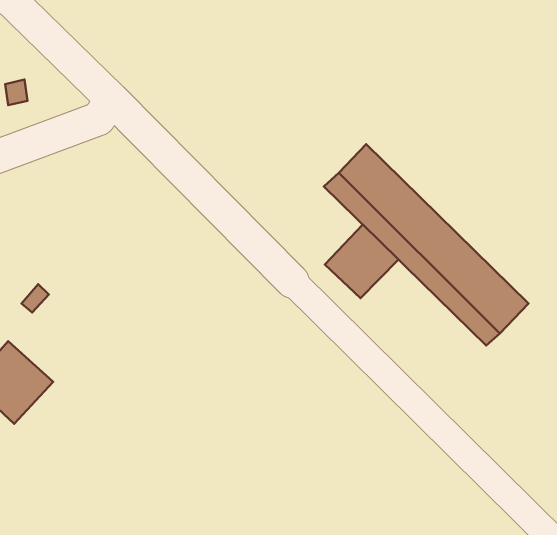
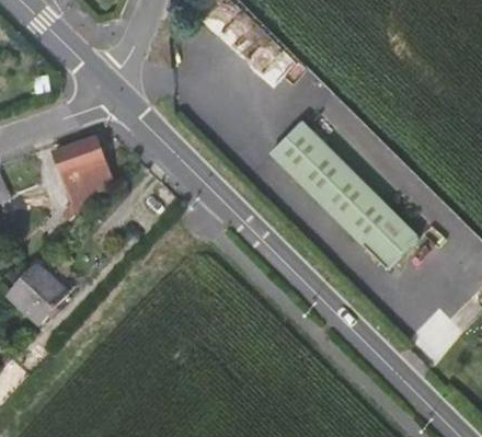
building: none -> [53,135,111,217]
building: [325,225,399,298] -> none

